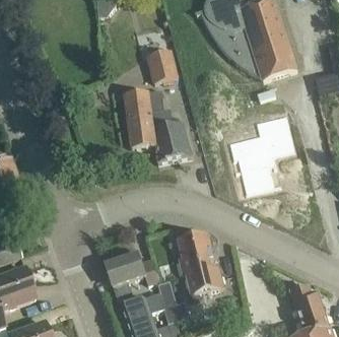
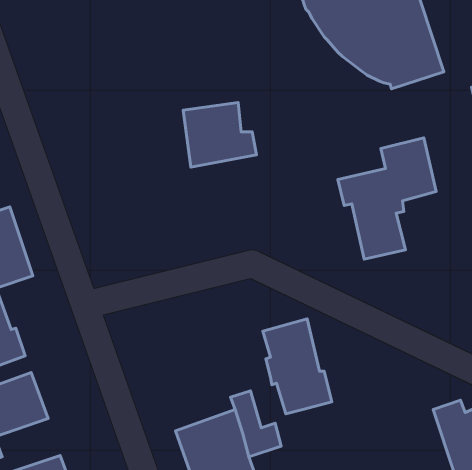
building: [147,49,178,82] -> none
building: [130,122,192,162] -> none
building: [106,254,159,301] -> none

